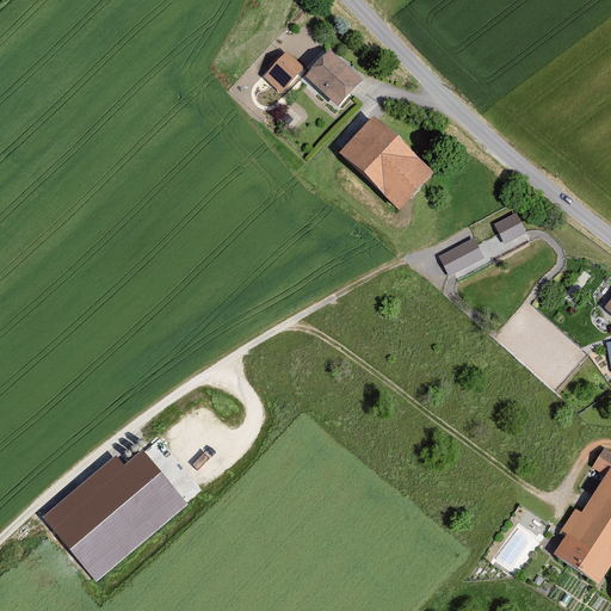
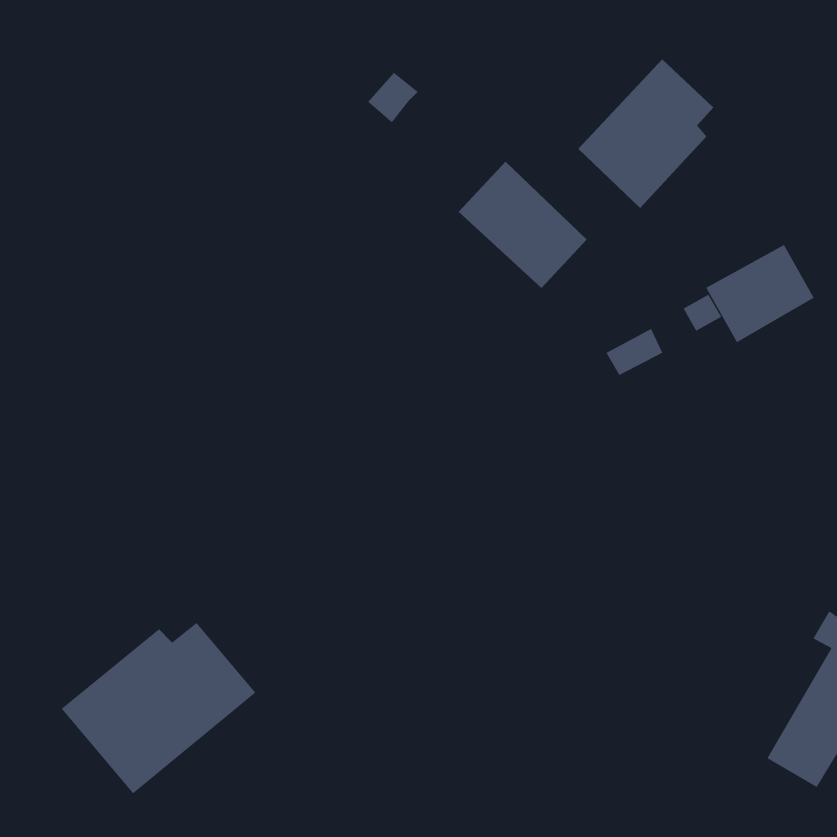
building: none -> [577,58,714,209]
building: [300,48,358,106] -> none
building: none -> [706,244,814,343]

